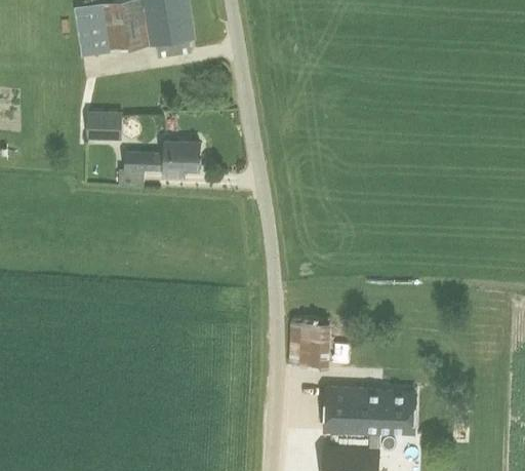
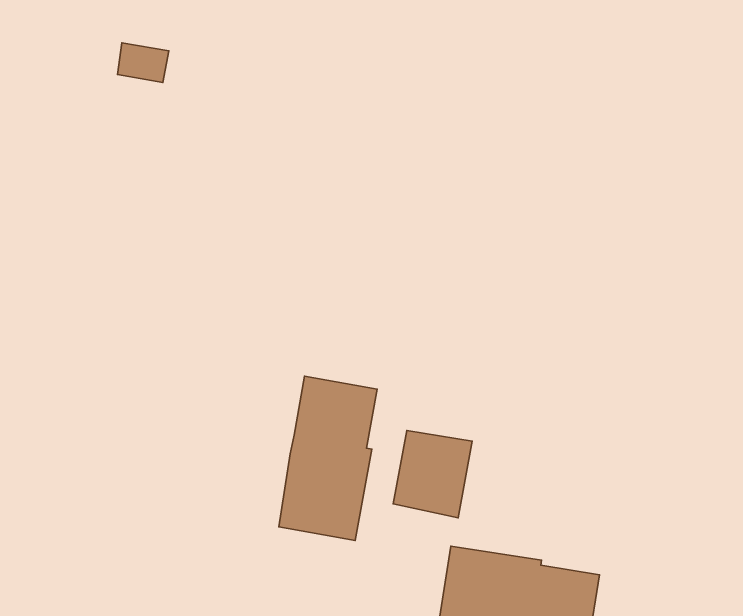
building: [118,141,199,186] -> none
building: none -> [279,376,377,540]

